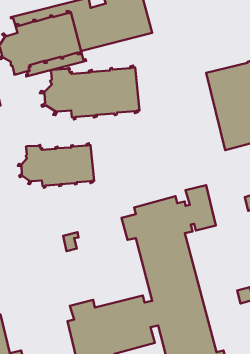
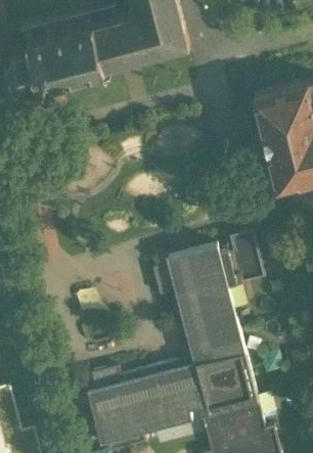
building: [40,65,139,119] -> none
building: [18,143,94,188] -> none

